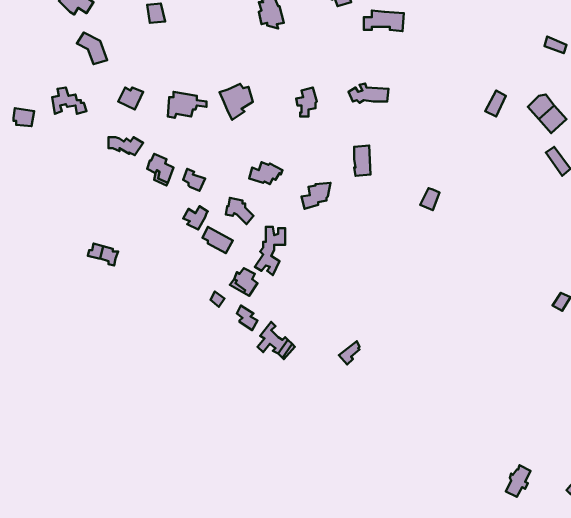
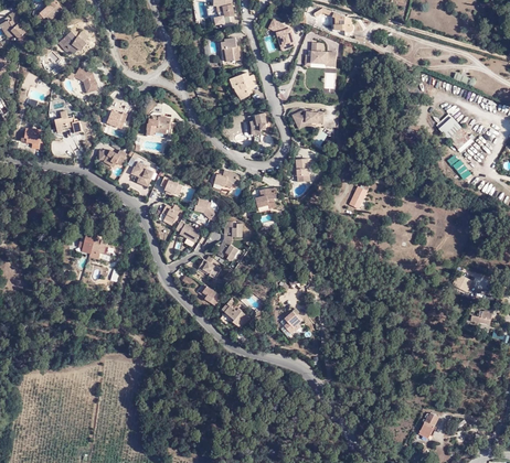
building: [220,84,253,120] -> [231,73,257,101]

